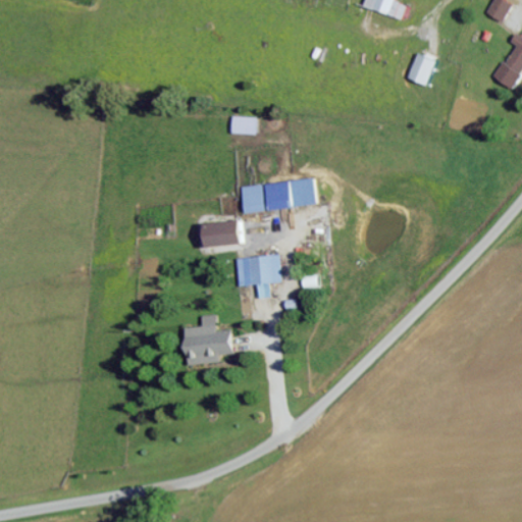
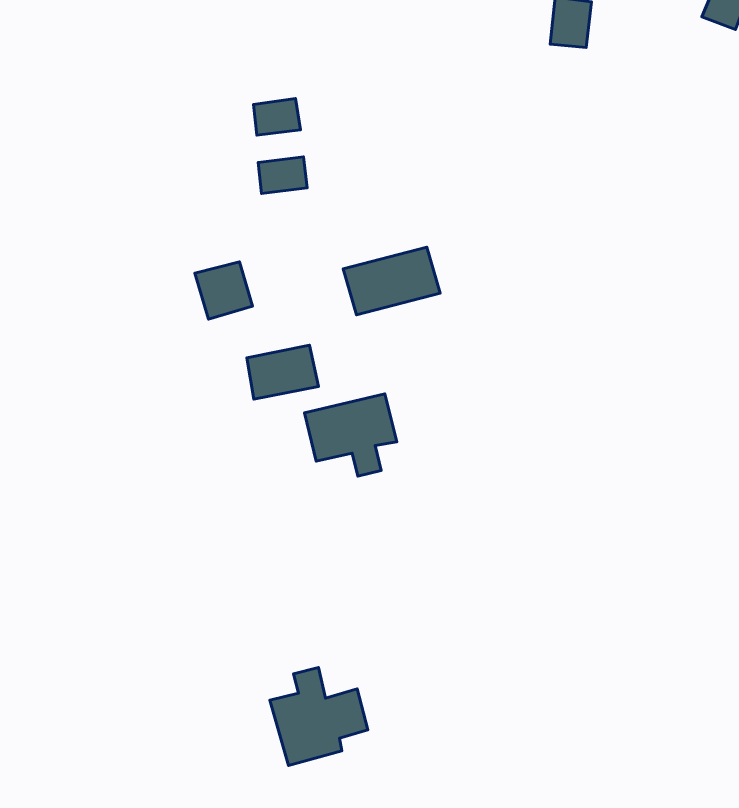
building: none -> [254,99,301,135]
building: [242,185,270,213] -> [195,262,253,319]
building: [186,314,237,365] -> [270,668,368,766]

